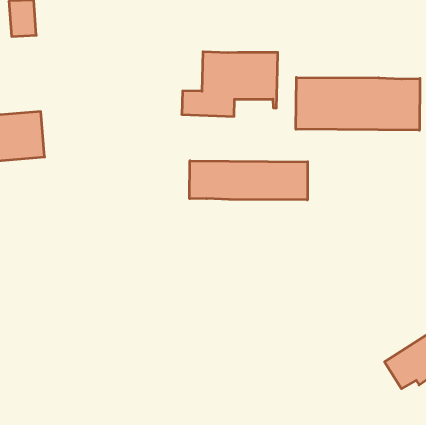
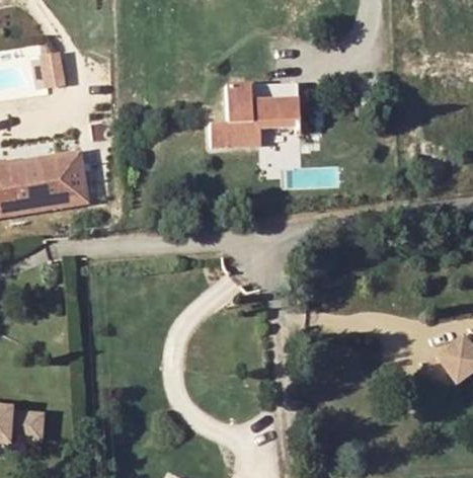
building: [296,77,420,130] -> none
building: [190,161,308,200] -> none

